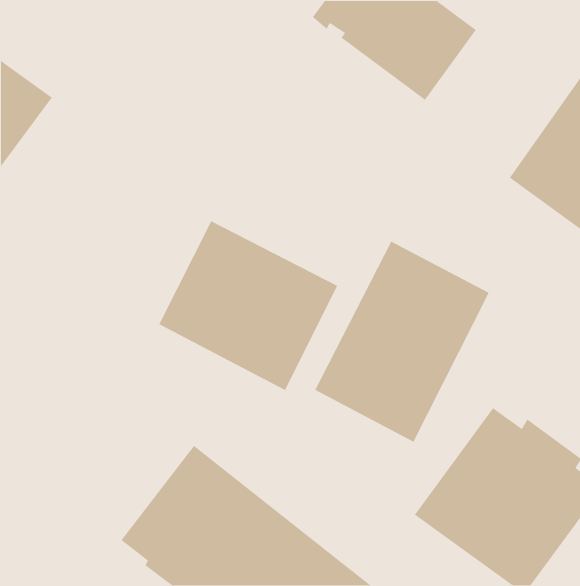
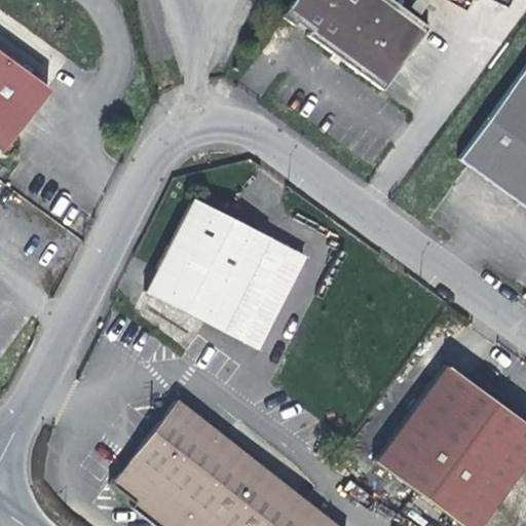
building: [314,240,490,443] -> none

